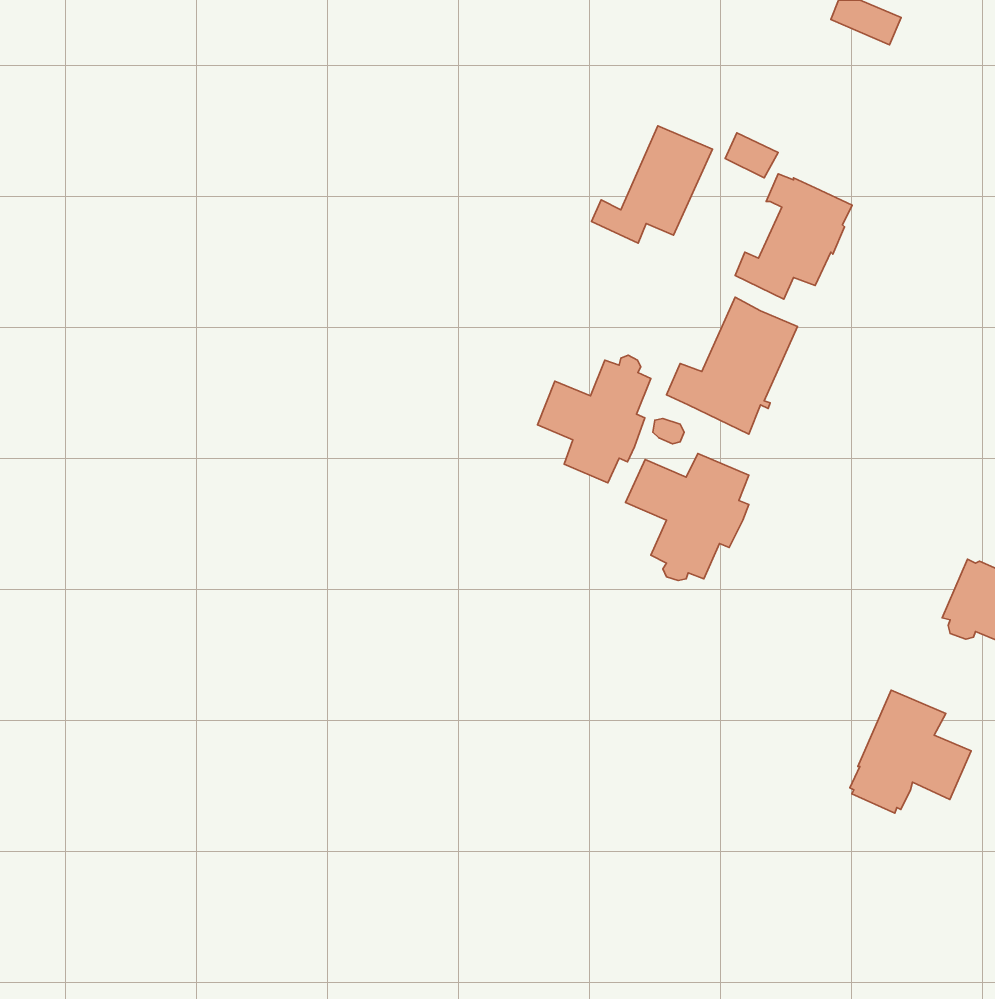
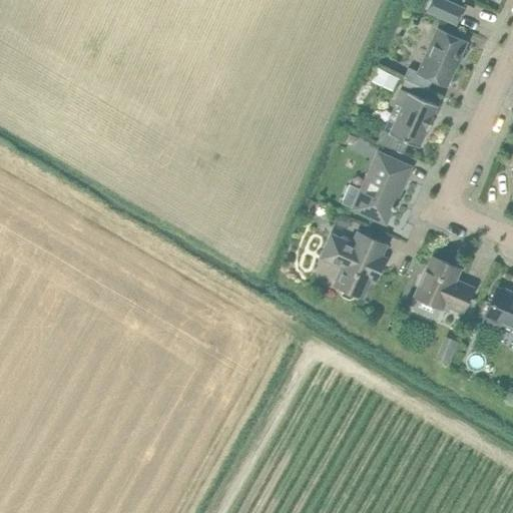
building: [591,126,713,243] -> [405,29,467,89]
building: [538,355,651,483] -> none
building: [850,690,971,813] -> [412,256,474,320]

